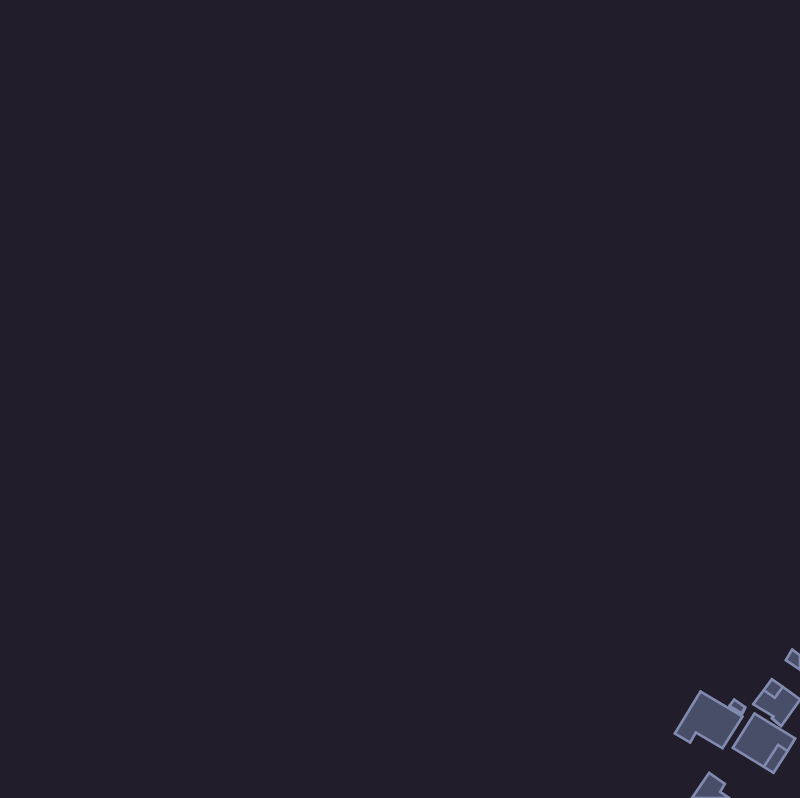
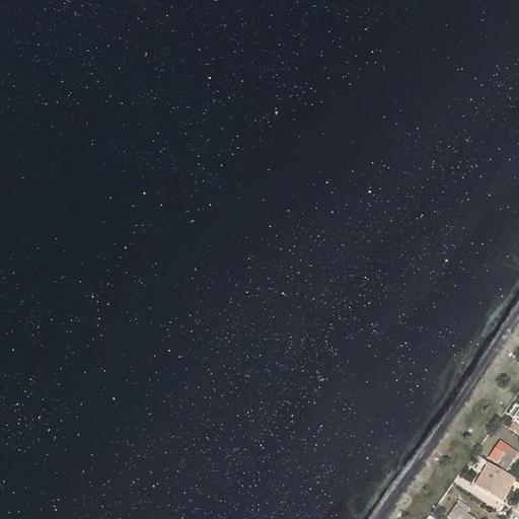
building: [675,692,743,748] -> none

